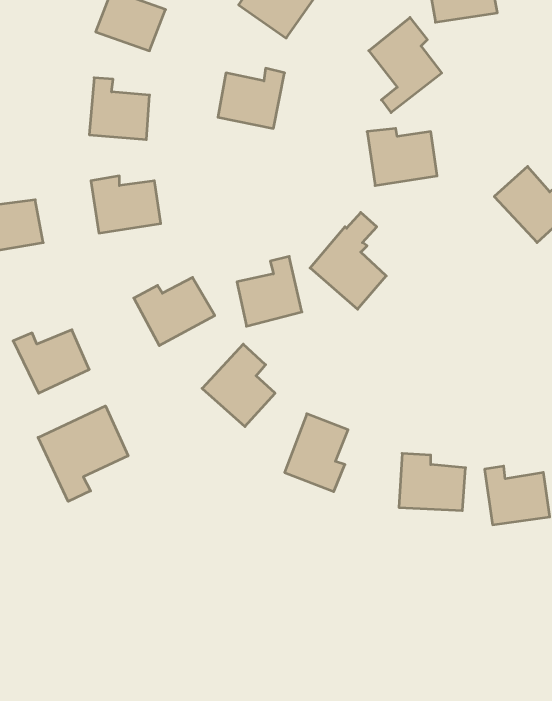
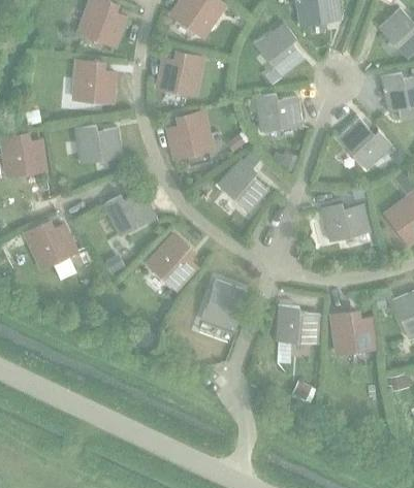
building: [237,256,302,326] -> [168,112,211,158]
building: none -> [321,187,370,241]
building: [38,406,128,501] -> none

